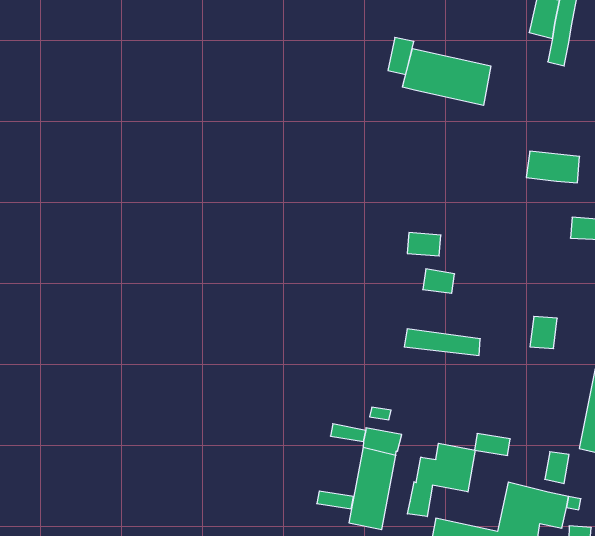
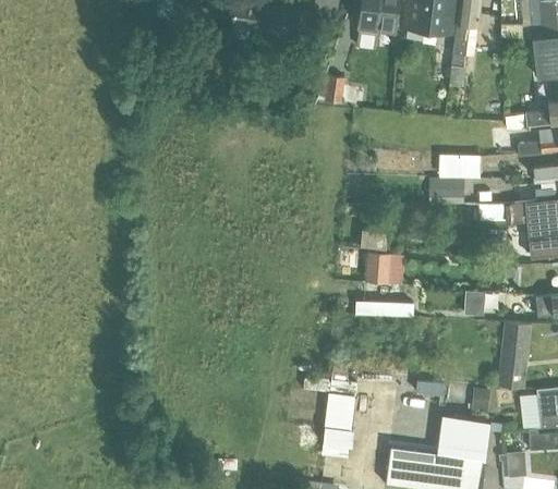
building: [402,48,491,105] -> none
building: none -> [429,178,464,205]
building: [407,443,475,517] -> none

